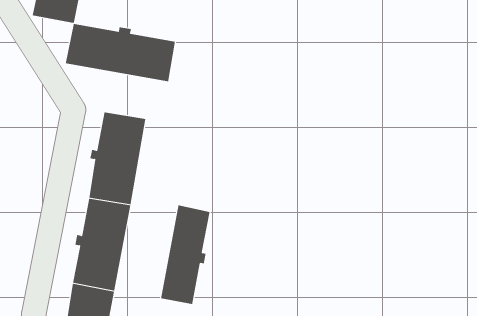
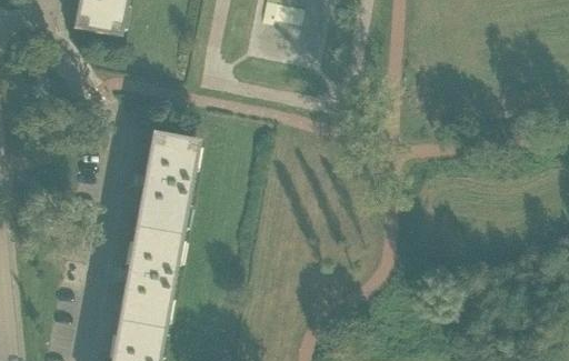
building: [65,23,176,82] -> none
building: [161,204,210,305] -> none

